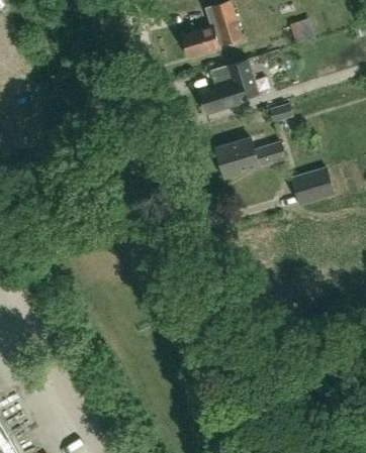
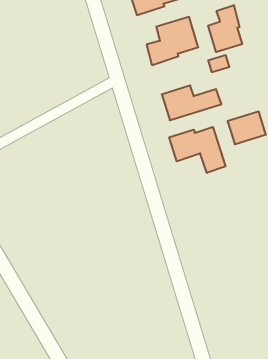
building: none -> [208,5,242,52]
building: none -> [169,127,225,173]

